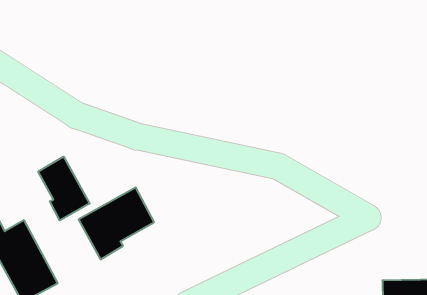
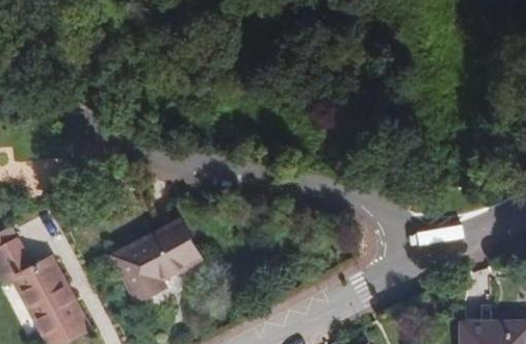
building: [38,157,90,220] -> none

